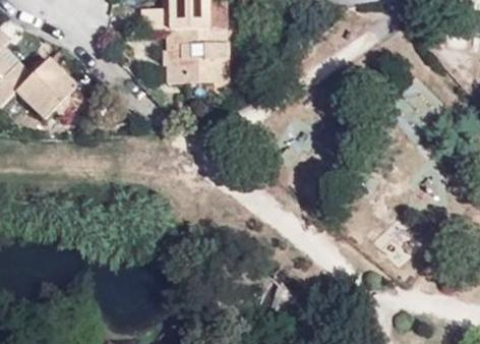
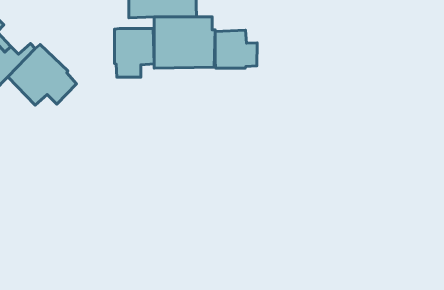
building: none -> [114,28,154,77]
building: none -> [215,30,257,68]

